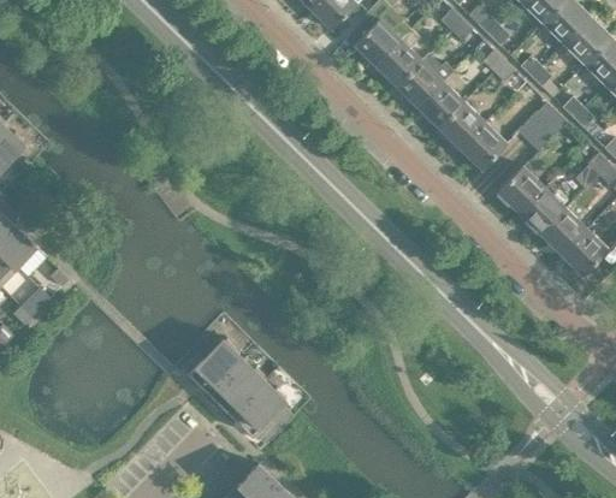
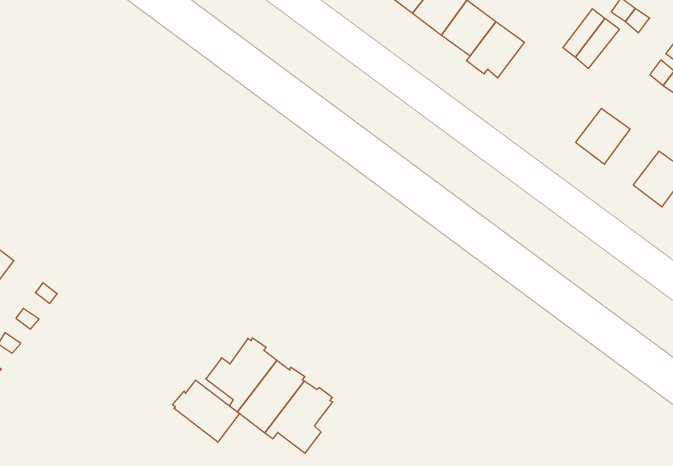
building: [460,123,507,170] -> none
building: [497,166,543,212] -> none
building: [539,207,586,254] -> none
building: none -> [173,380,240,442]

